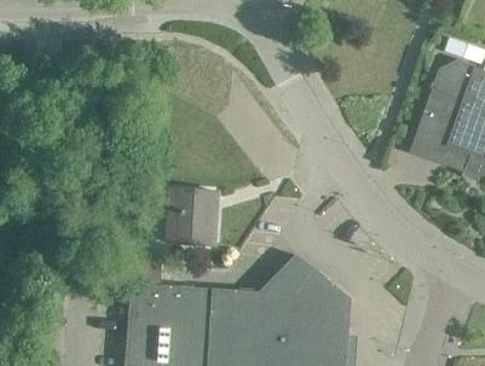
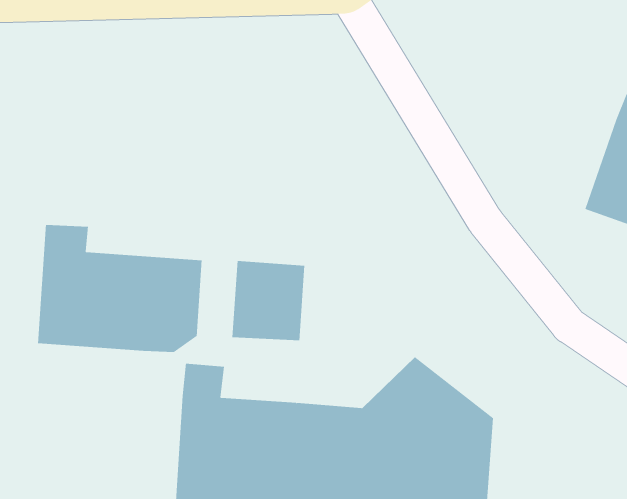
building: none -> [38,224,202,353]

